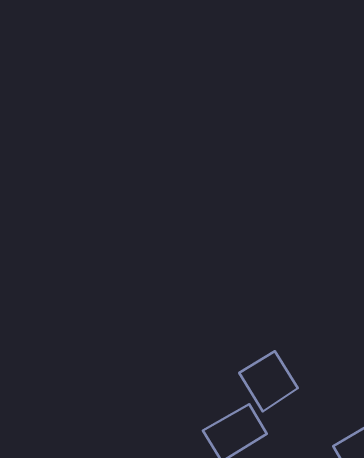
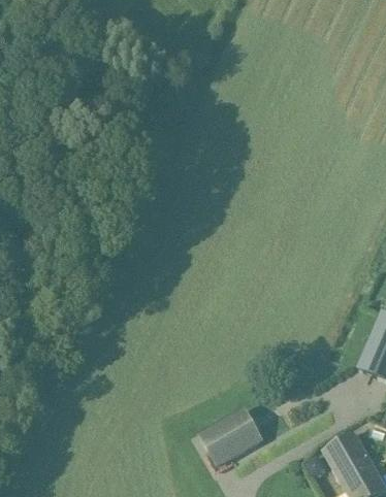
building: [239,351,298,411] -> none

